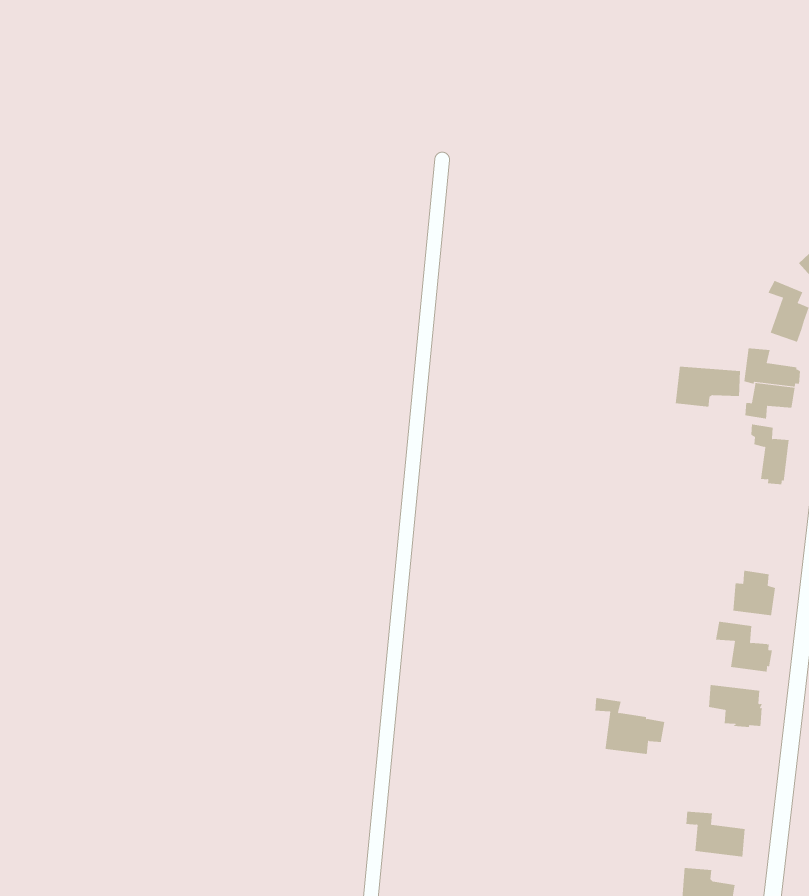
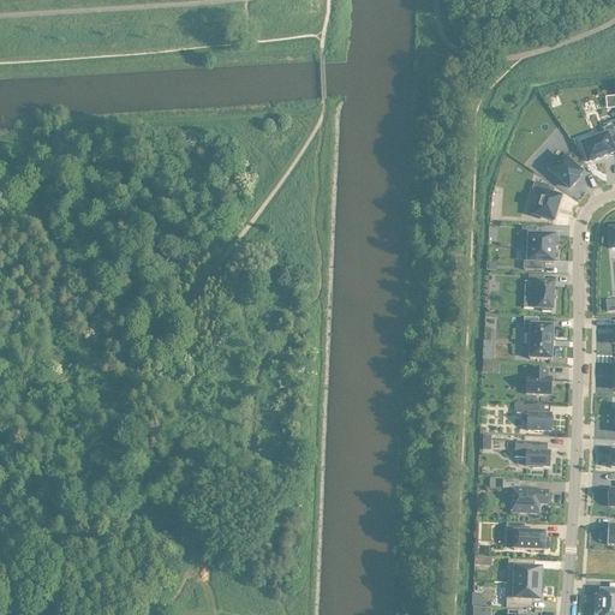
building: [675,366,741,408] -> none
building: none -> [524,316,553,358]
building: [595,698,665,755] -> [503,478,549,512]

